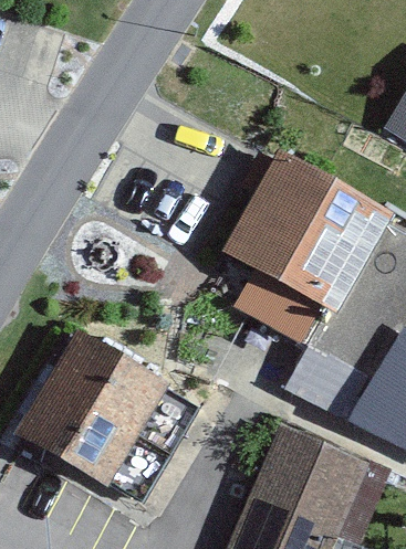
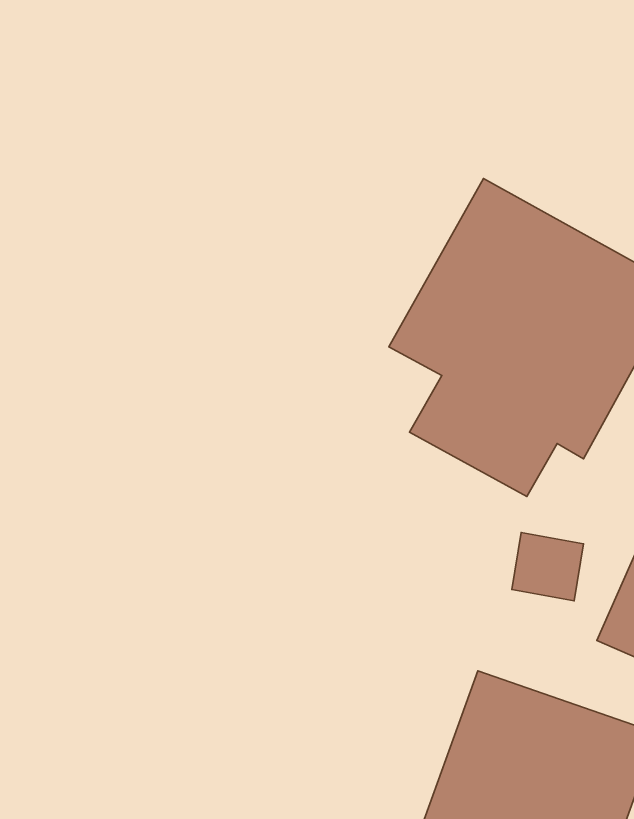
building: [18,331,178,496] -> none

